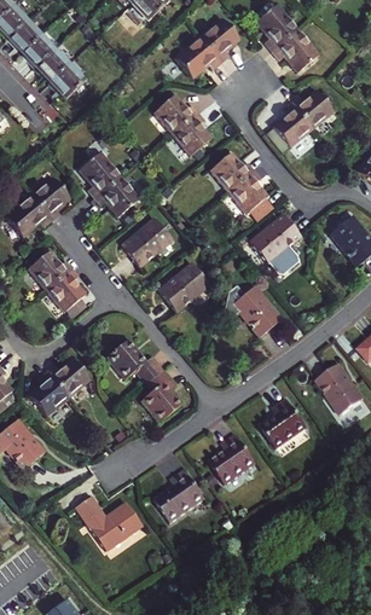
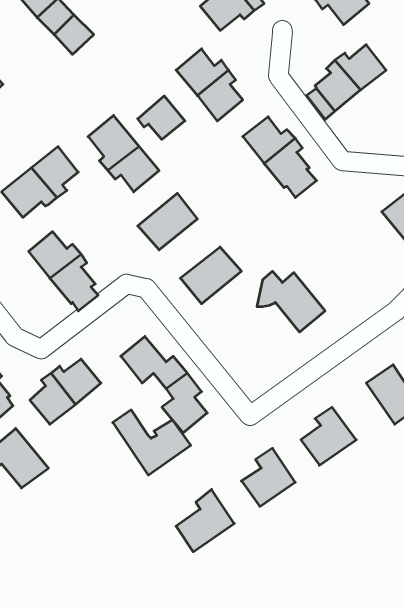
building: none -> [138,96,185,139]
building: [250,214,300,273] -> none
building: [75,494,141,550] -> [113,410,191,475]

